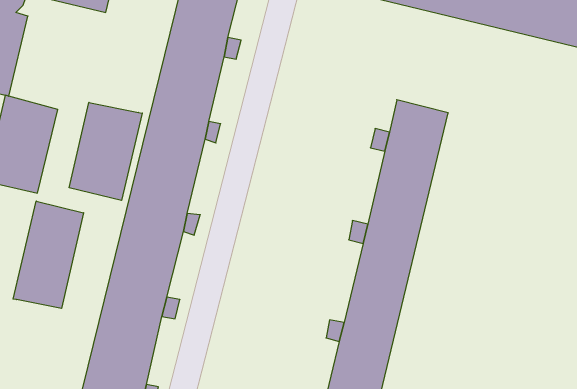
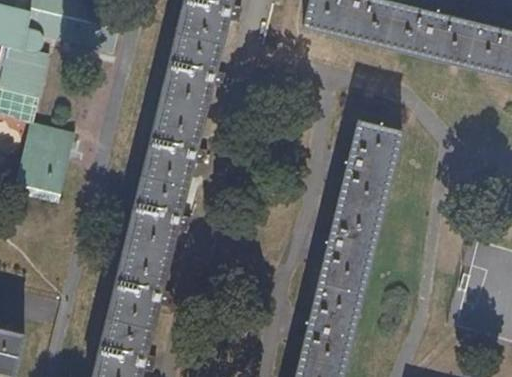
building: [69,102,142,200] -> none
building: [13,201,84,308] -> none

